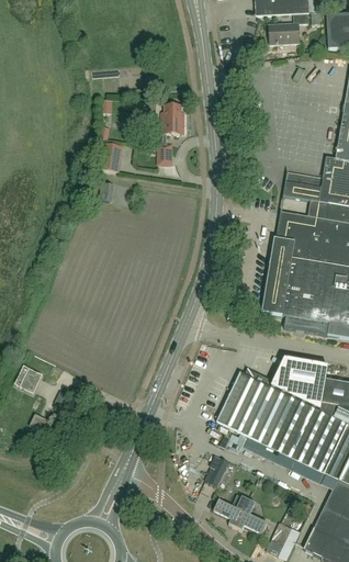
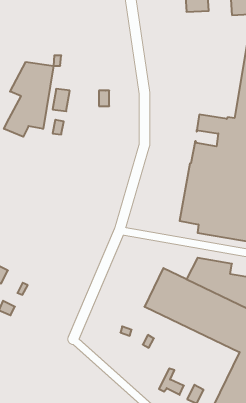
building: [161,103,184,133] -> none
building: none -> [4,62,53,137]
building: [213,494,248,526] -> none

